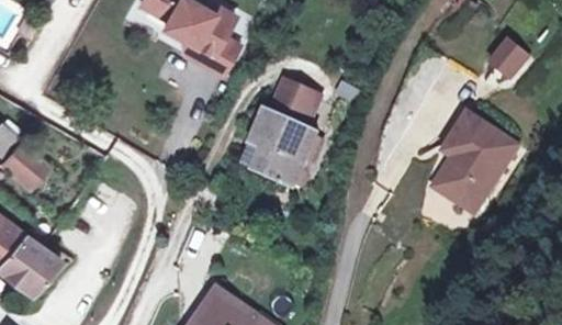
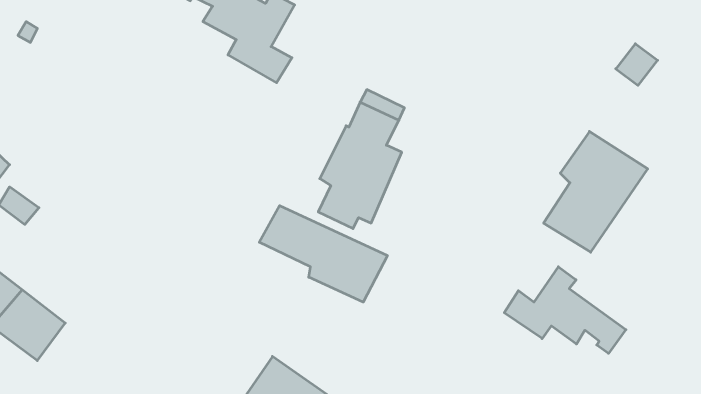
building: none -> [259,206,387,302]
building: none -> [504,267,626,353]

